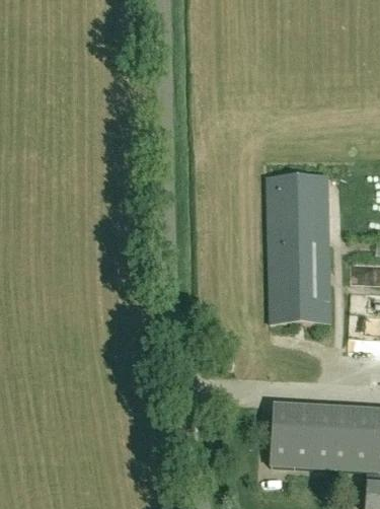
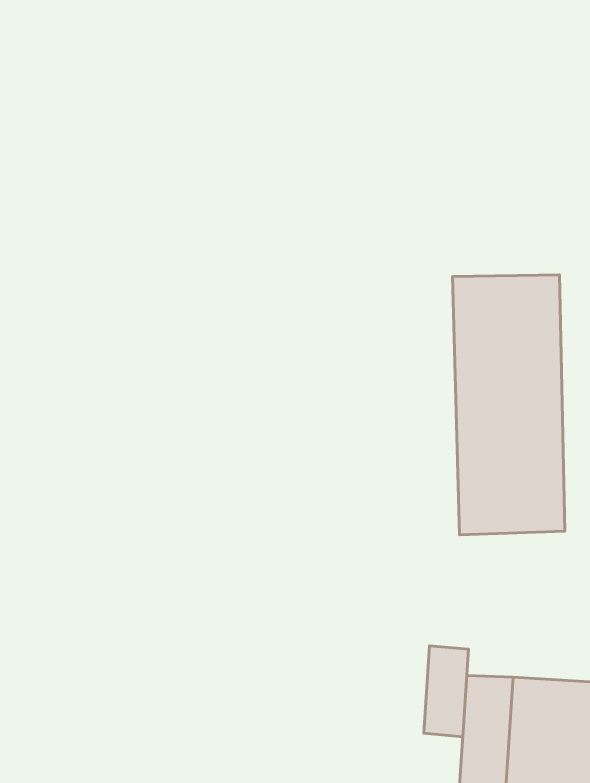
building: none -> [424,646,468,737]

